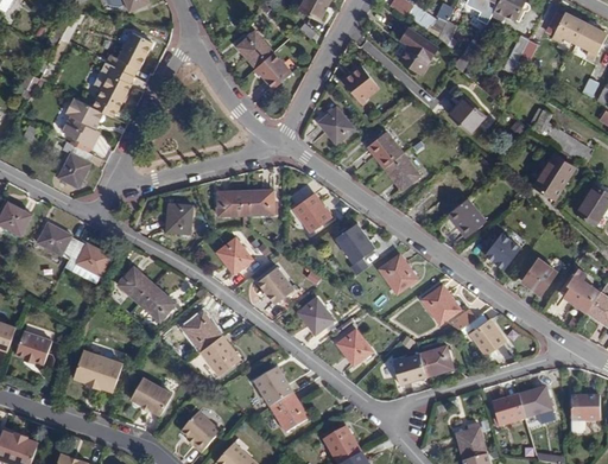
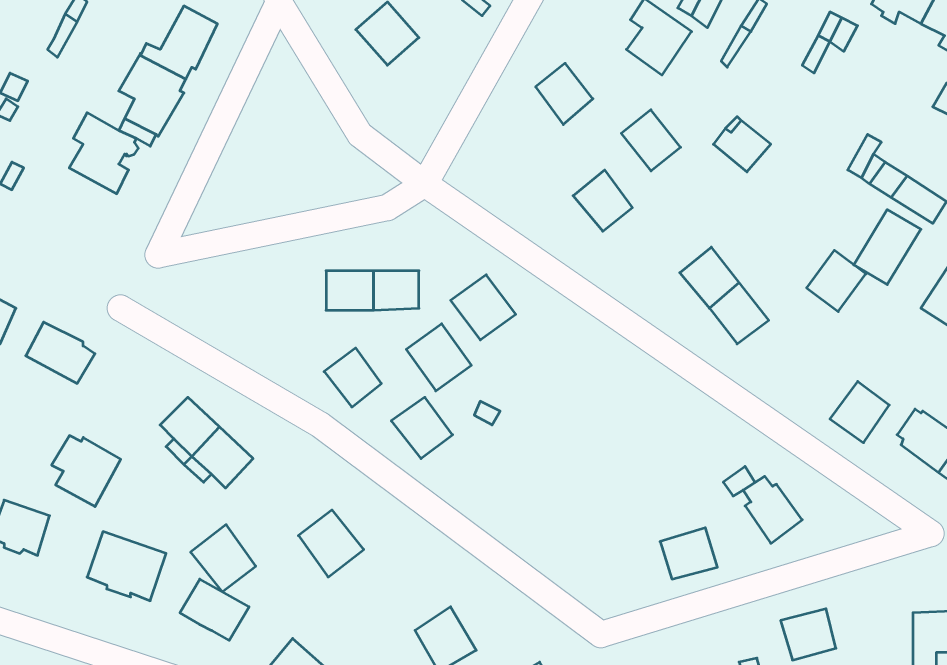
building: [254,51,292,89] -> none
building: [317,107,353,144] -> none
building: [58,141,93,187] -> none
building: [384,153,419,190] -> [621,110,681,171]
building: [166,204,191,233] -> none
building: [335,223,374,263] -> [406,324,471,391]
building: [483,233,519,269] -> [807,250,866,312]
building: [68,241,109,284] -> [52,436,121,507]
building: [378,254,417,293] -> none
building: [420,285,460,324] -> none
building: [297,298,334,335] -> none
building: [182,310,221,350] -> [191,525,256,592]
building: [336,329,372,366] -> none
building: [392,354,425,384] -> none
building: [254,367,292,407] -> none
building: [518,386,552,418] -> none

